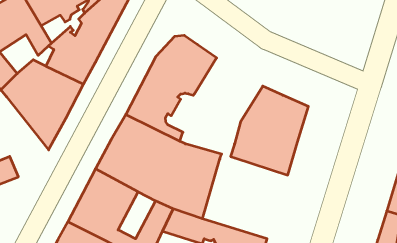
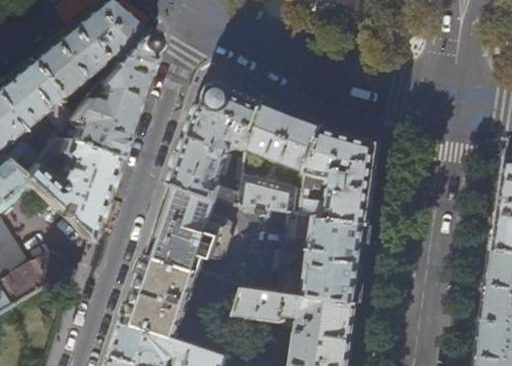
building: none -> [244,104,322,174]
building: none -> [236,177,300,216]
building: none -> [277,217,368,305]

